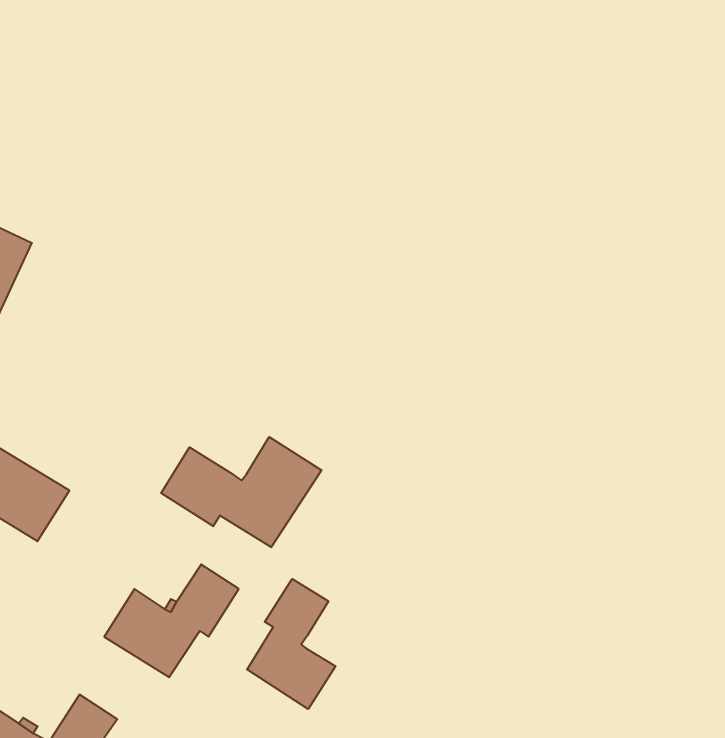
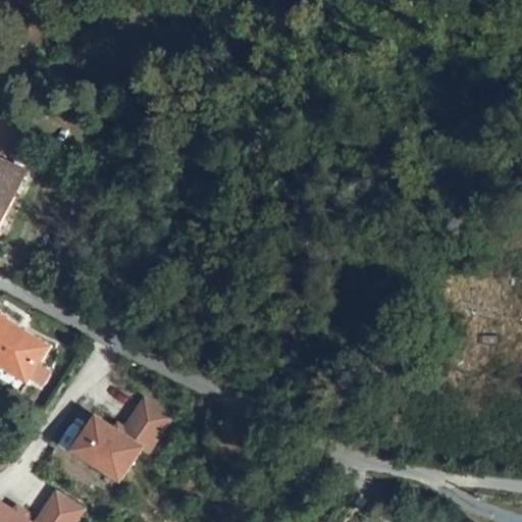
building: [161,437,321,547] -> none
building: [247,579,335,709] -> none

